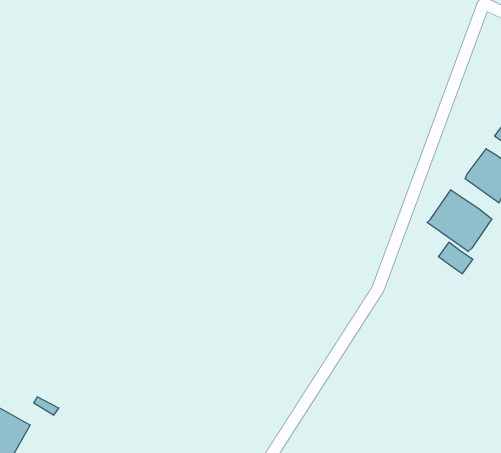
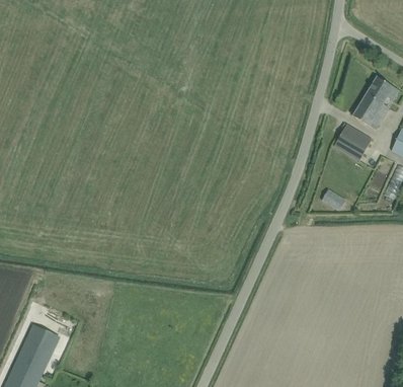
building: [427,190,492,252] -> none

